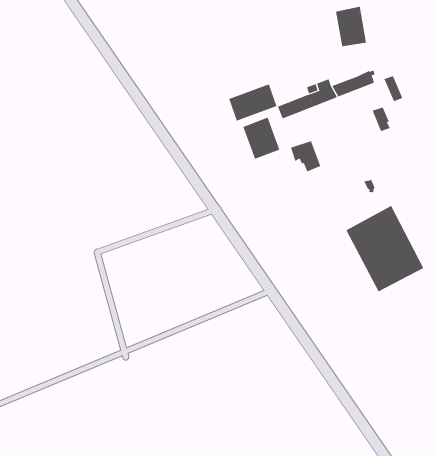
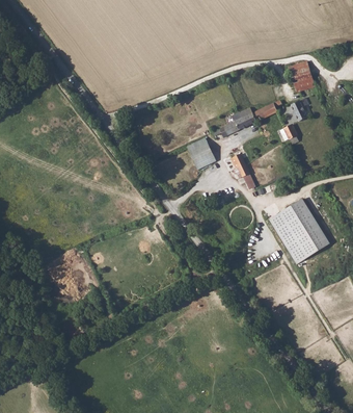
building: [335,6,367,47] -> [291,60,316,92]
building: [228,84,277,121] -> none

